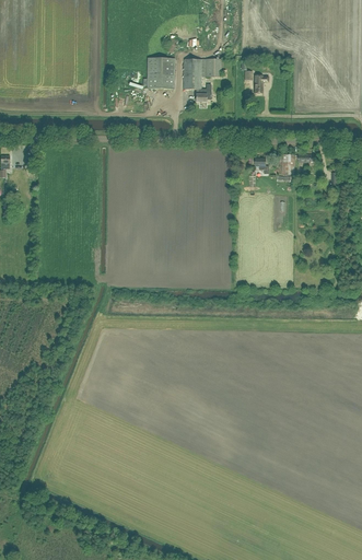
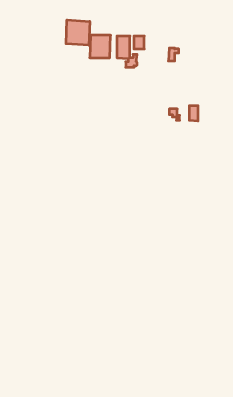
building: none -> [66,20,90,45]

